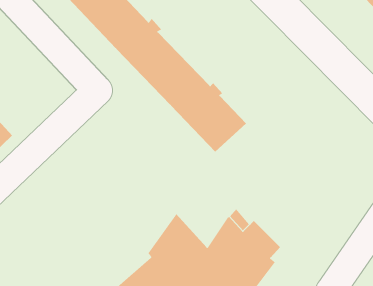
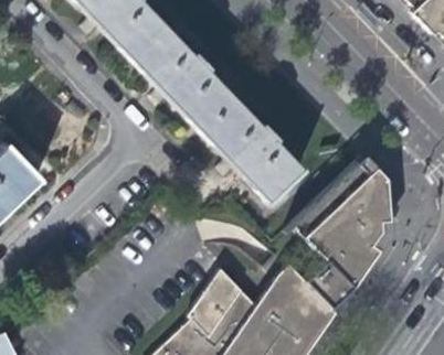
building: none -> [295,160,388,303]

